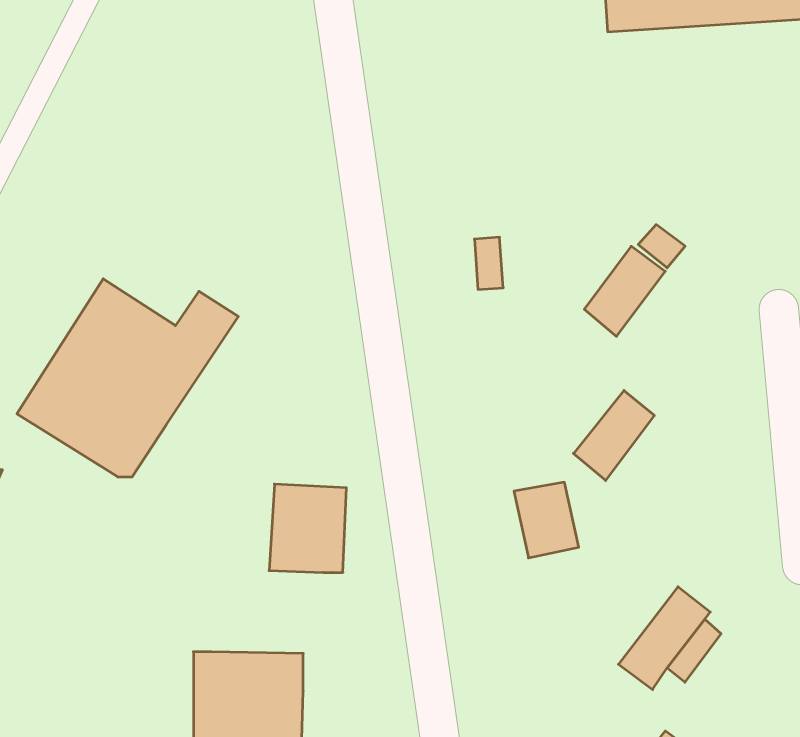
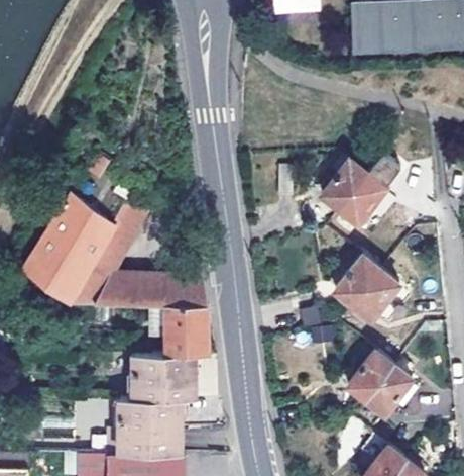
building: none -> [322,160,366,209]
building: none -> [352,269,398,319]
building: none -> [87,274,208,309]
building: none -> [341,351,392,408]
building: none -> [131,355,194,402]

